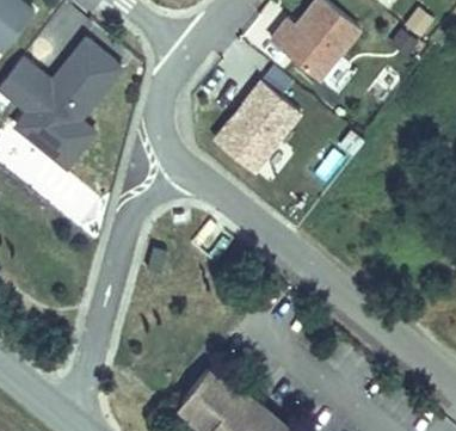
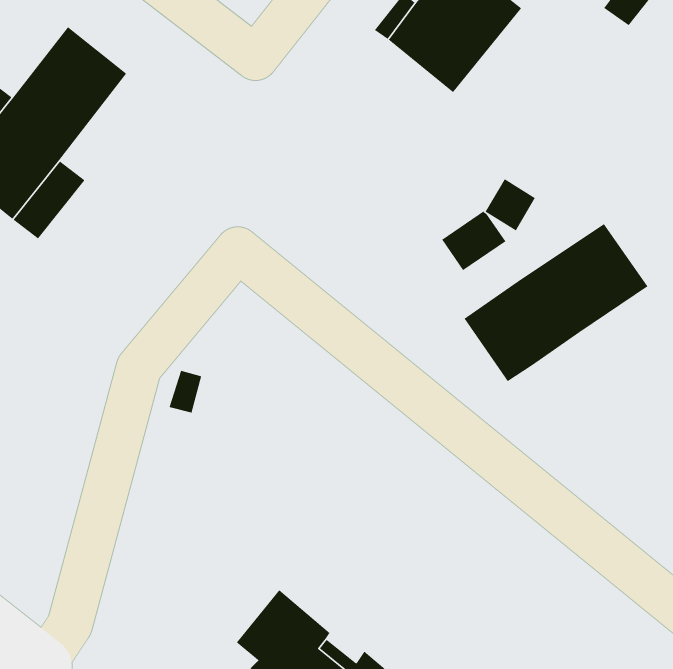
building: [215,79,301,168] -> none
building: none -> [464,223,648,382]

